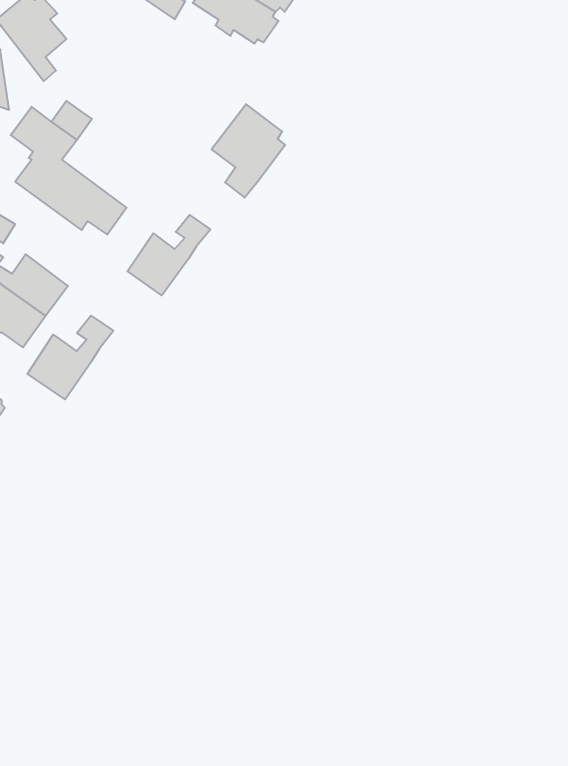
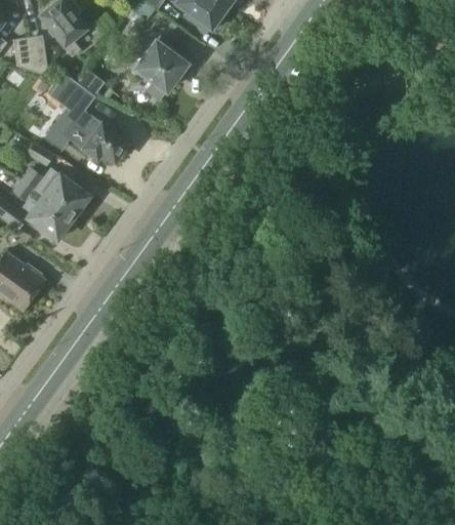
building: [212,104,285,198] -> [135,37,185,100]
building: [127,215,210,295] -> none
building: [27,316,113,399] -> none

